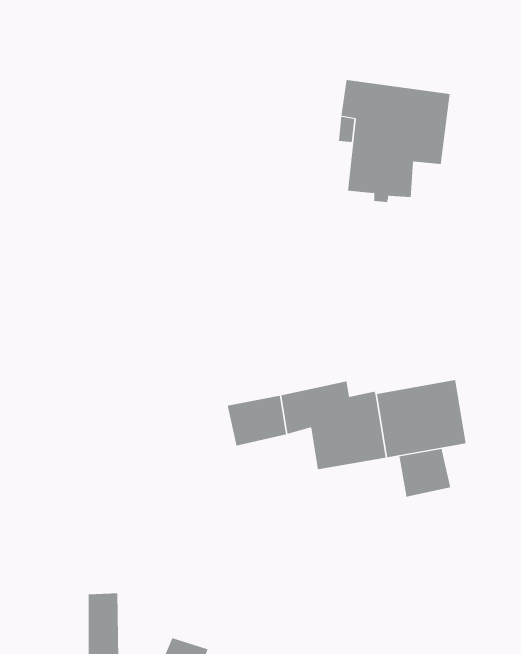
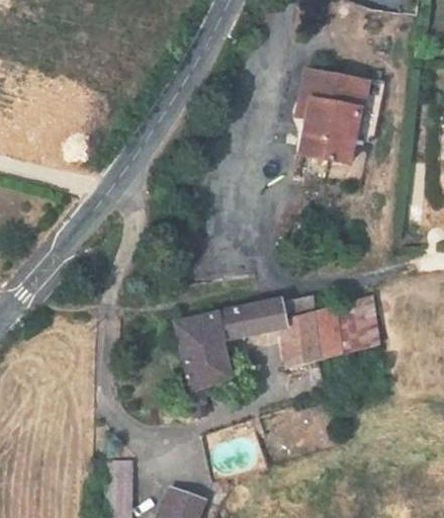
building: none -> [169,315,226,421]
building: [399,448,451,497] -> none

